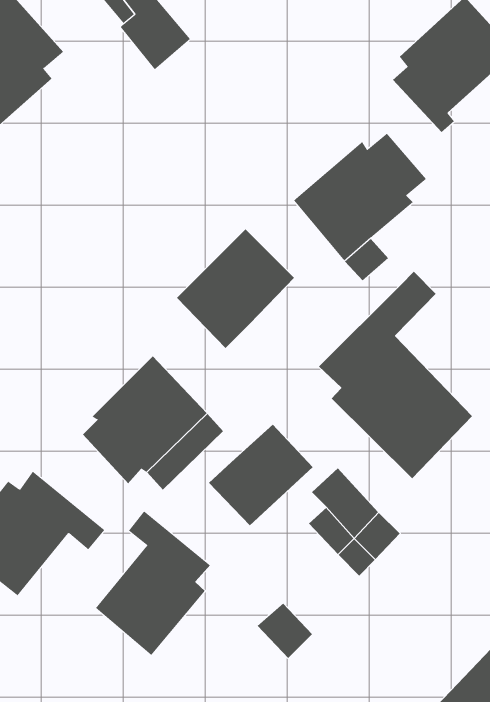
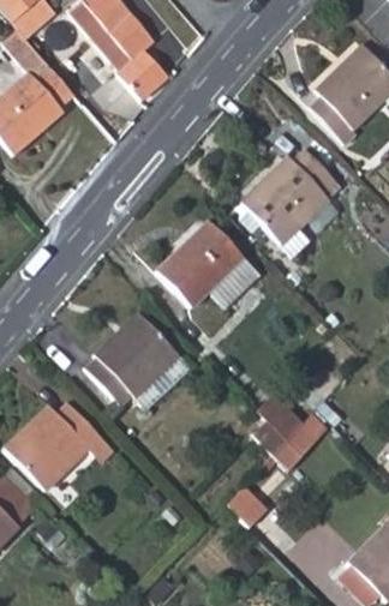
building: [318,271,473,479] -> none
building: none -> [211,253,262,305]
building: [208,424,313,526] -> none
building: [95,511,211,656] -> none

